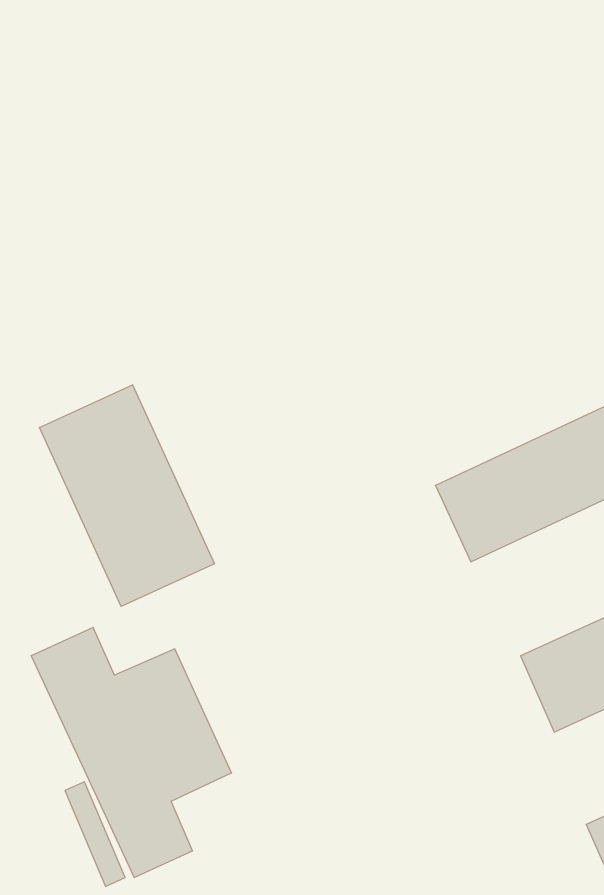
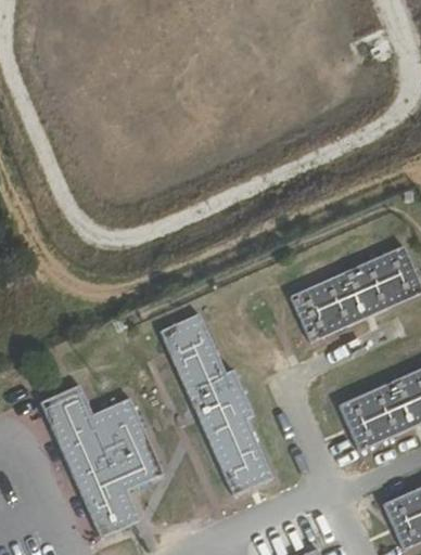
building: [39,385,214,606] -> none
building: none -> [158,313,271,494]

